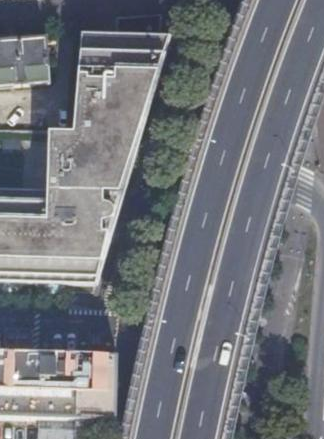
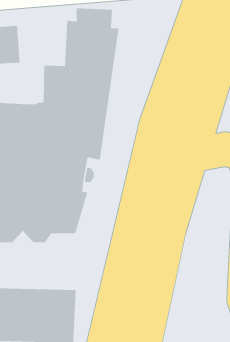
building: [70,26,98,82] -> none

